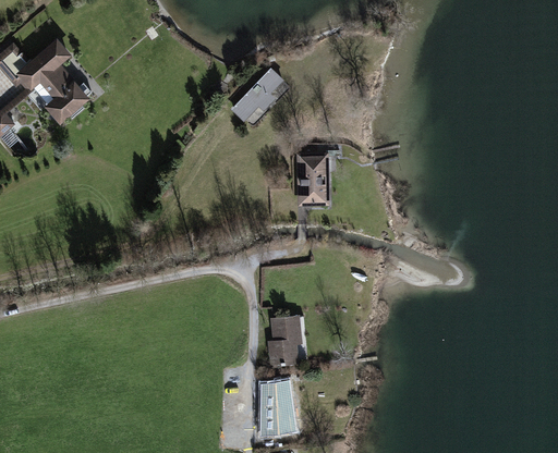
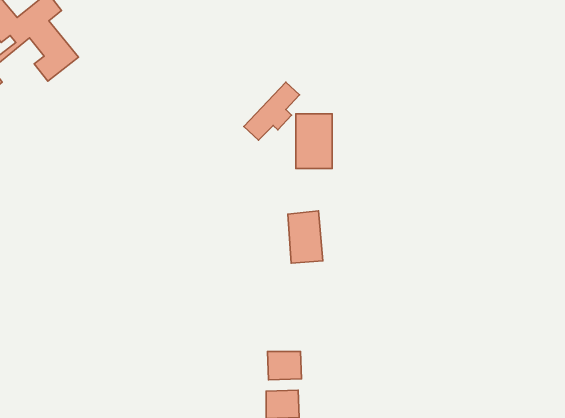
building: [228,66,281,122] -> [244,82,299,140]
building: [270,318,304,368] -> [288,211,323,263]

